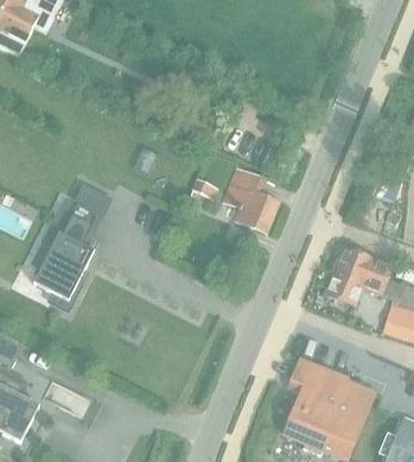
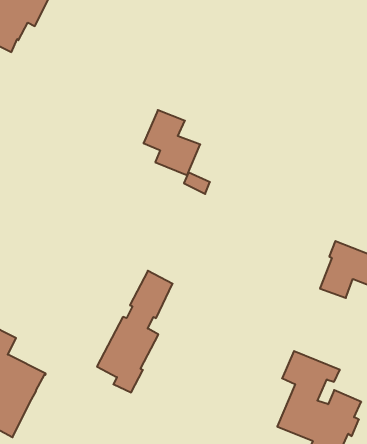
building: [222,166,279,232] -> [143,110,200,175]
building: [32,185,108,308] -> [97,271,173,392]

